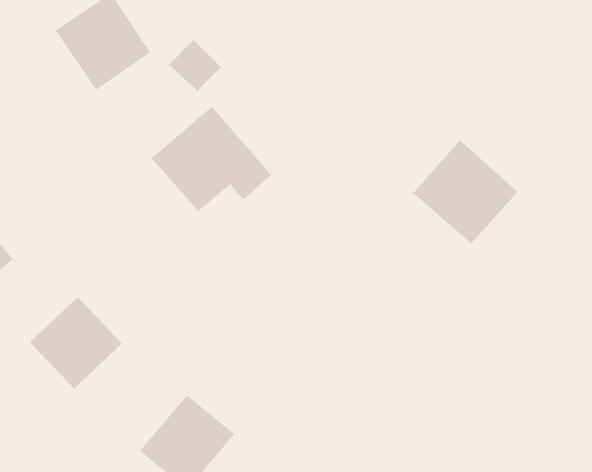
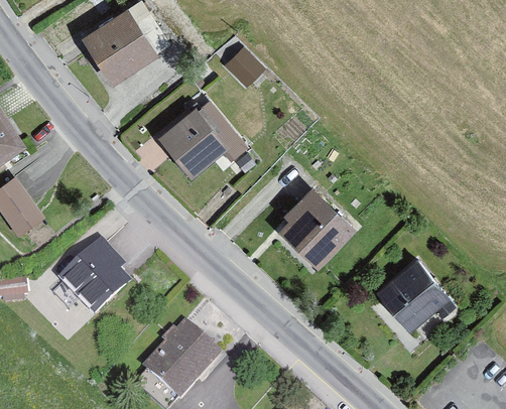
building: [168,39,222,92] -> [225,47,267,89]
building: [413,140,519,244] -> [270,186,354,269]
building: none -> [375,255,452,331]

